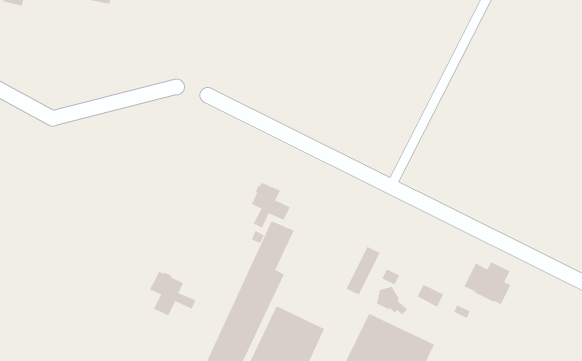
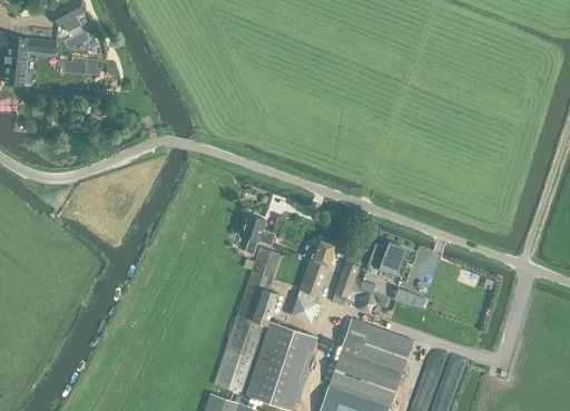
building: none -> [289,237,336,321]
building: [464,261,511,305] -> [367,241,409,277]
building: [149,271,196,316] -> none

